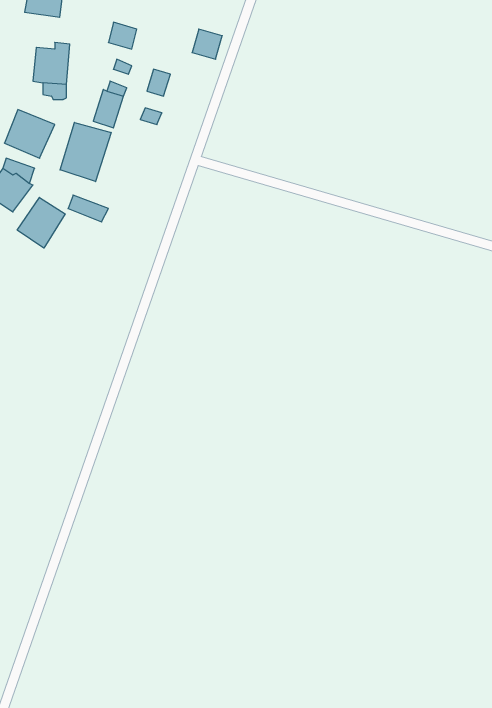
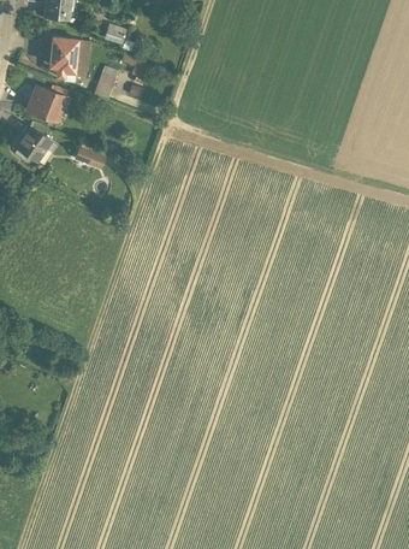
building: [60,122,111,182] -> none
building: [17,197,65,248] -> none

